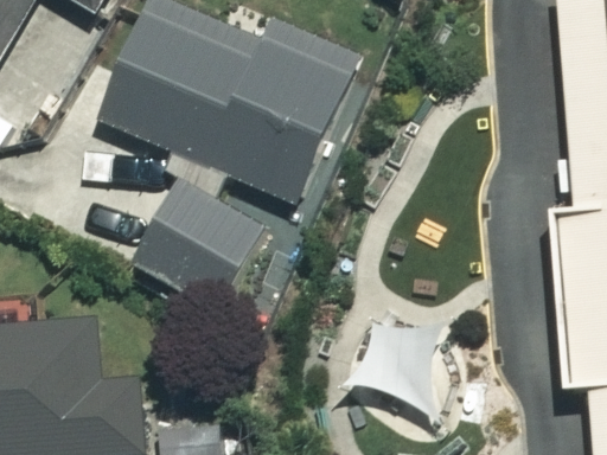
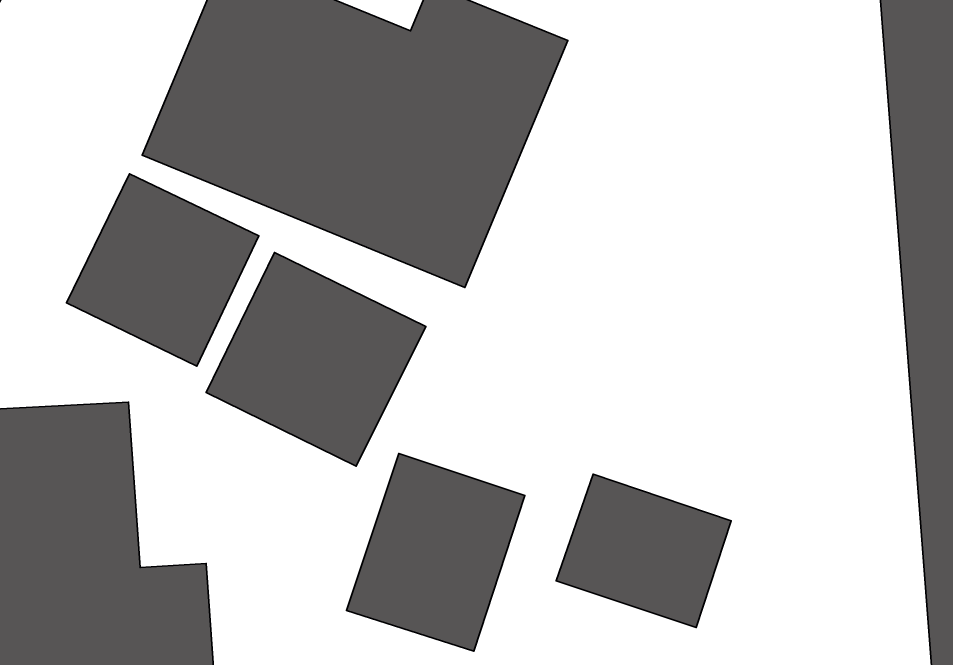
building: none -> [66,174,259,366]
building: none -> [347,453,525,651]

